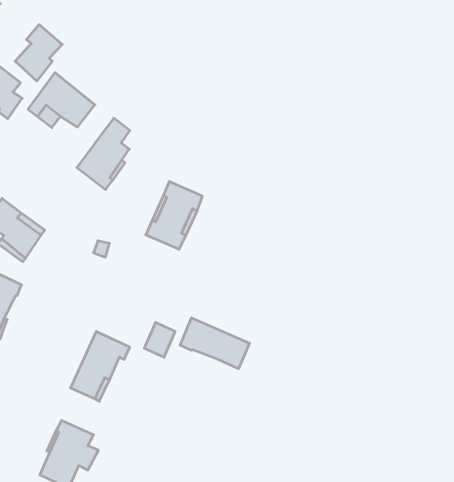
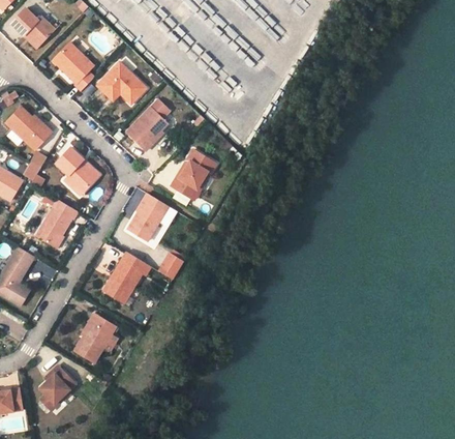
building: [15,25,62,81] -> none
building: none -> [126,194,168,242]
building: [180,318,249,369] -> none

